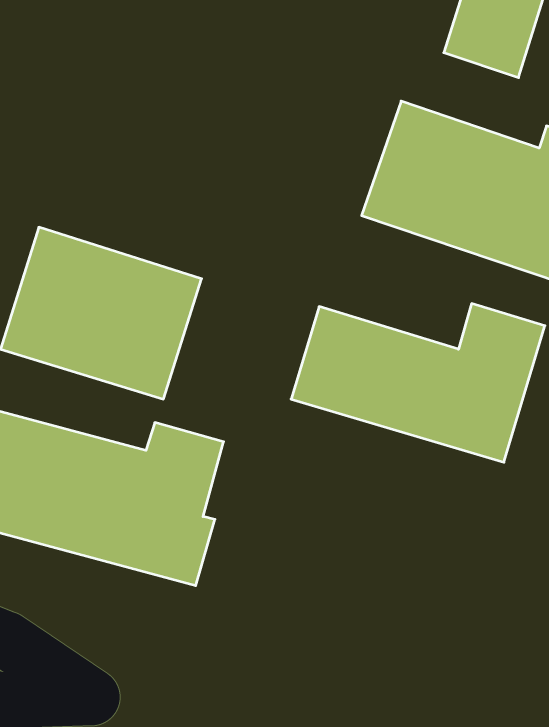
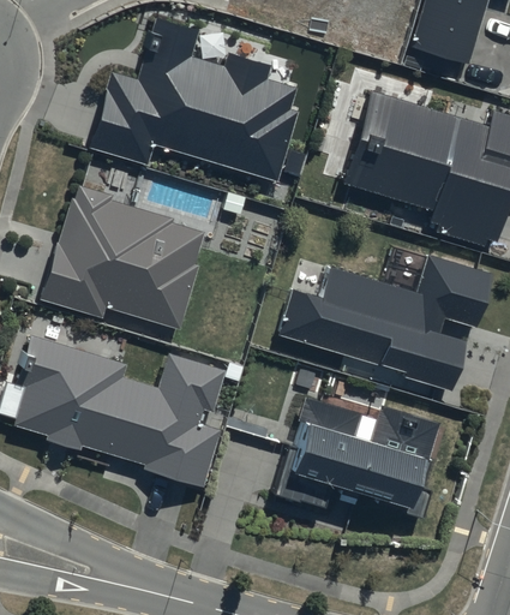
building: none -> [94,22,301,180]
building: none -> [262,408,442,523]

